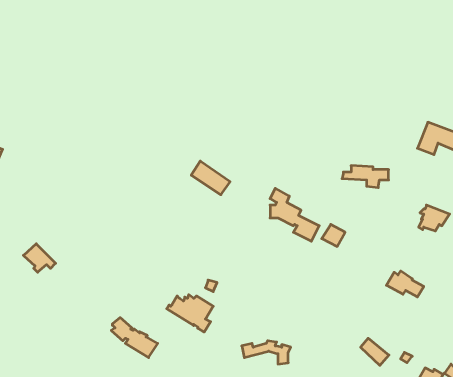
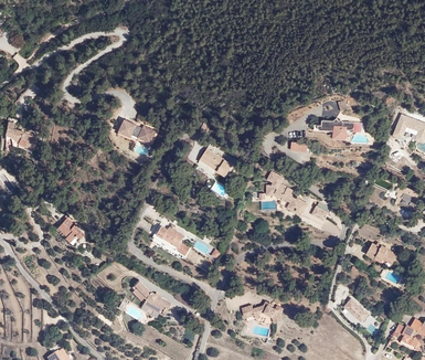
building: none -> [118,119,156,145]
building: [342,166,389,188] -> [314,118,353,137]
building: [167,295,213,332] -> [152,224,192,256]

